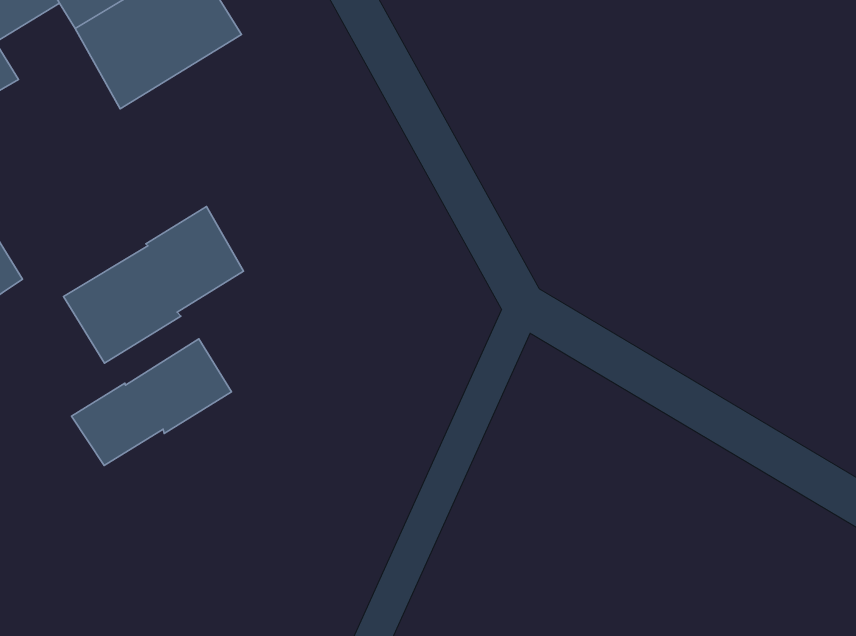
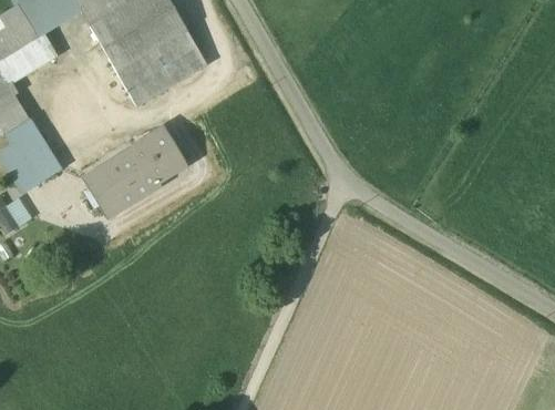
building: none -> [115,30,204,106]
building: [71,339,232,466] -> none

